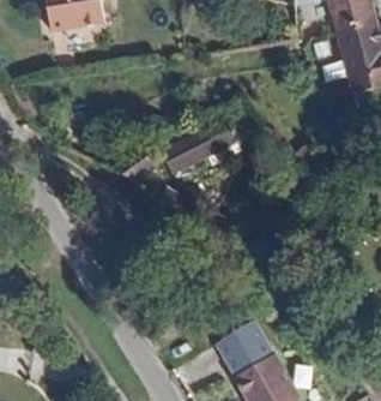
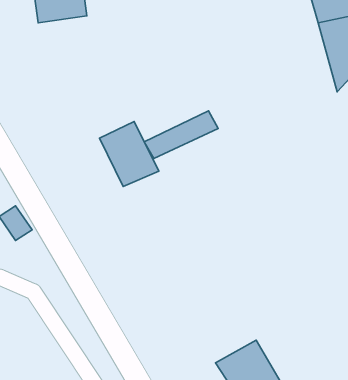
building: none -> [100,122,159,187]
building: [216,321,274,376] -> none

